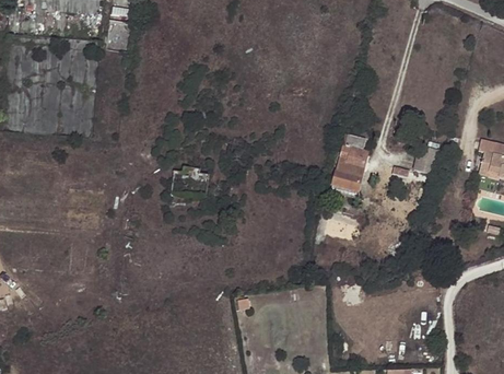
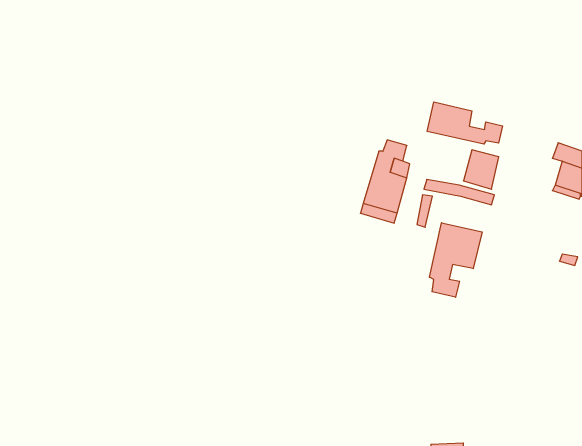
building: none -> [427,102,503,144]
building: none -> [429,223,482,297]

